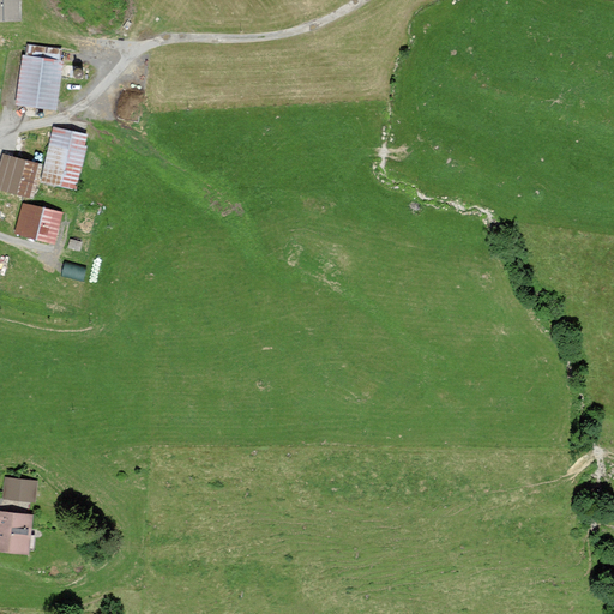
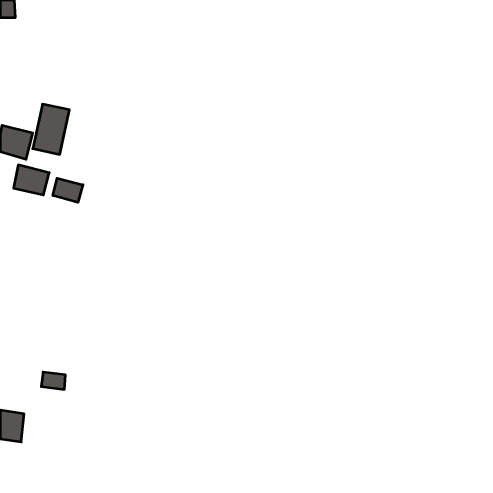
building: [18,47,60,108] -> none
building: none -> [53,178,83,202]
building: [5,477,35,499] -> [41,372,65,389]

